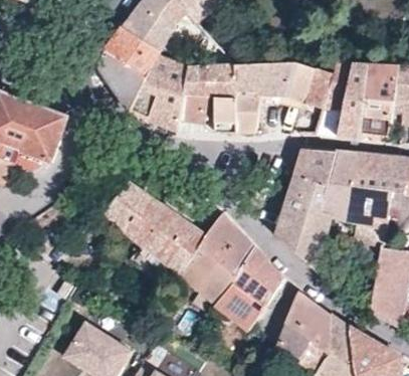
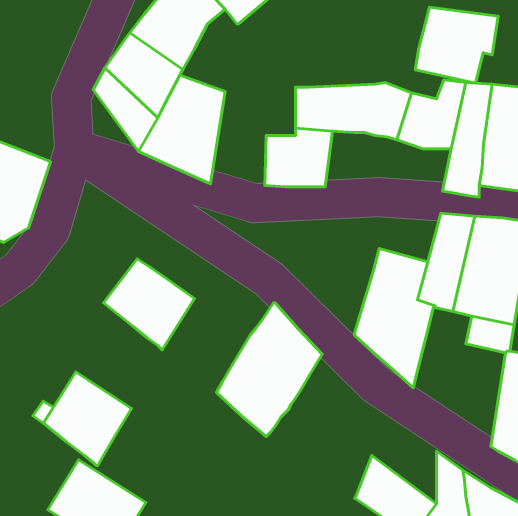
building: none -> [415,7,498,83]
building: [177,64,235,132] -> none
building: [292,148,335,184] -> none
building: [144,209,204,273] -> [43,372,131,466]
building: [215,247,281,330] -> none
building: [287,291,332,350] -> none

